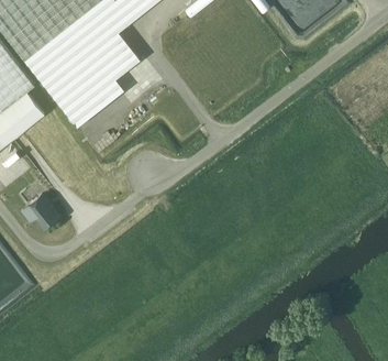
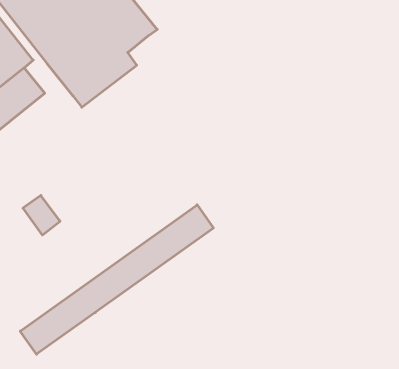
building: none -> [20,205,213,354]

